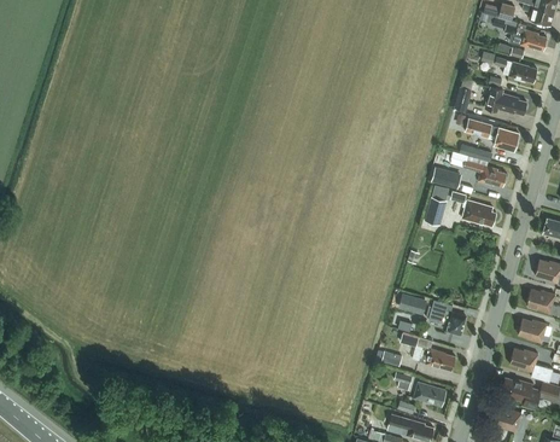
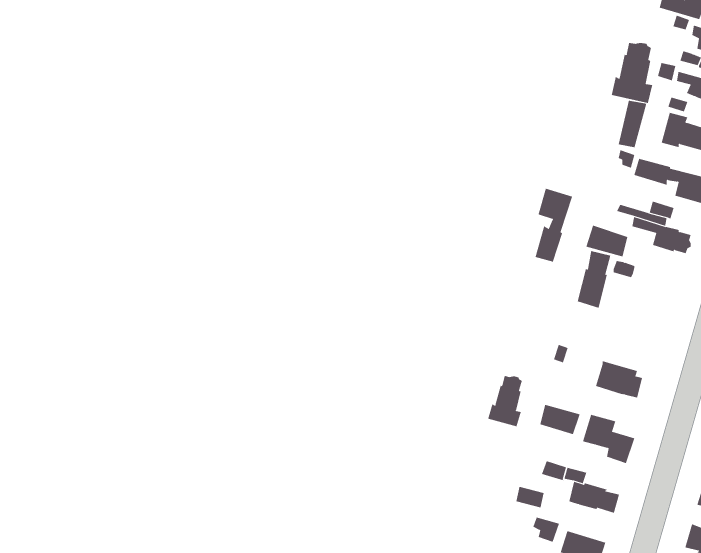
building: none -> [611,42,653,104]
building: none -> [535,188,573,262]
building: [462,199,496,226] -> [595,361,643,398]
building: none -> [488,375,522,427]

